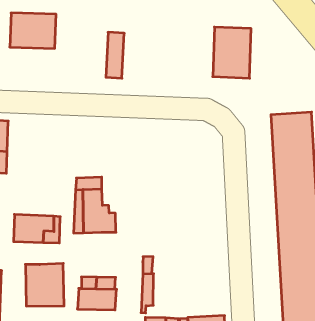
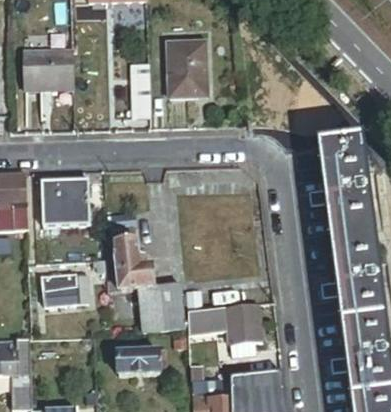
building: [213,27,251,78] -> [167,40,210,96]
building: none -> [42,178,92,226]
building: none -> [225,302,264,356]
building: [25,263,64,306] -> [139,283,185,333]

